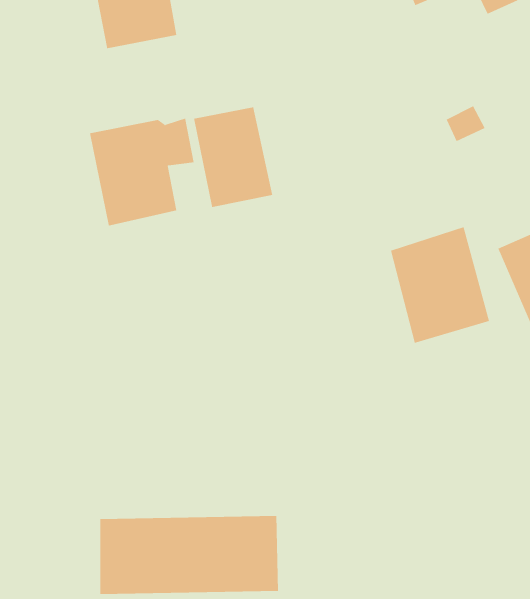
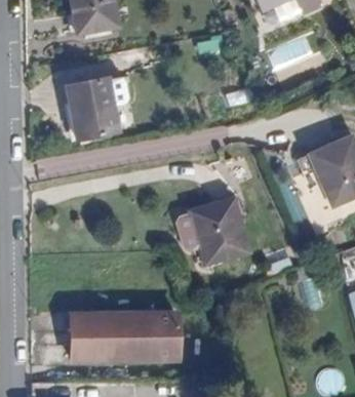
building: [194,106,273,208] -> none
building: [390,227,490,344] -> [191,196,250,266]

